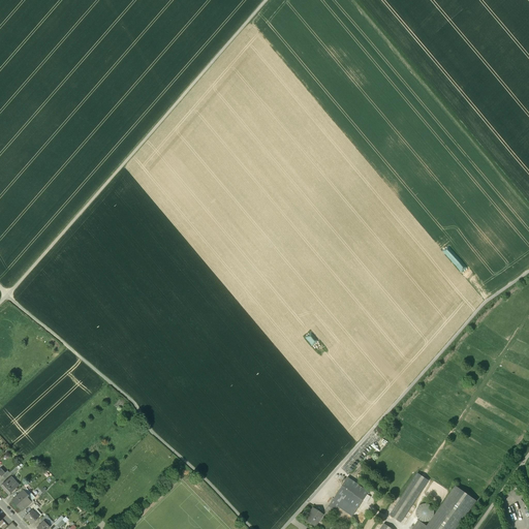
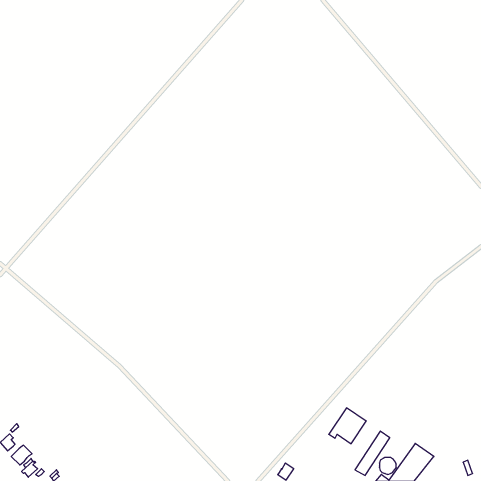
building: [328,477,369,517] -> [329,408,366,444]

